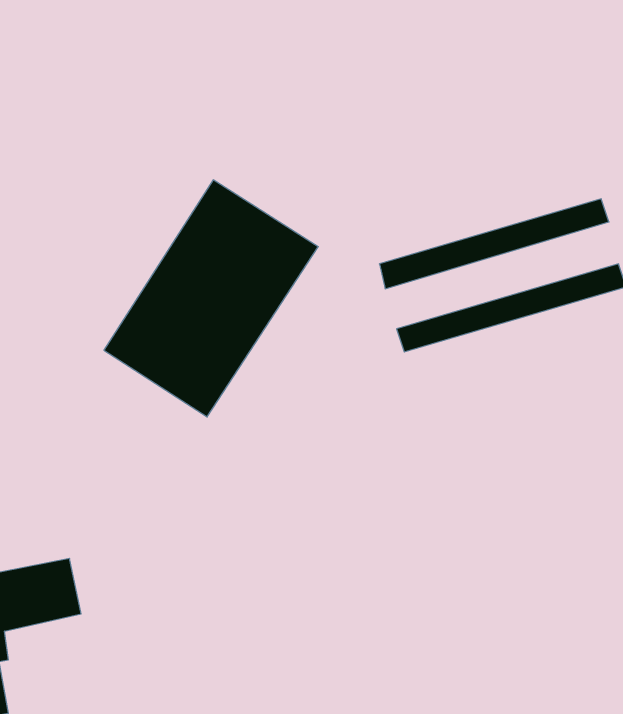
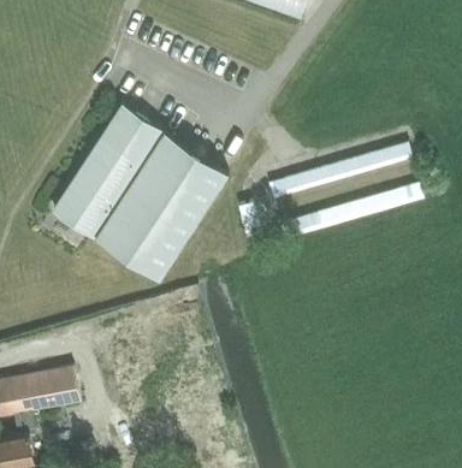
building: none -> [52,103,161,237]

